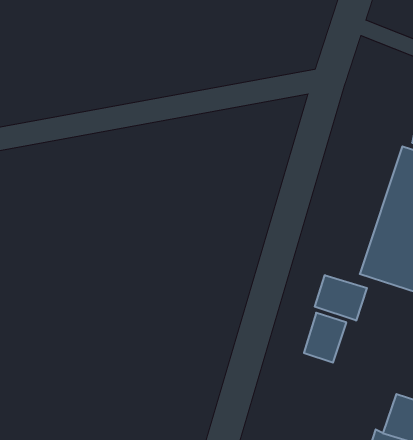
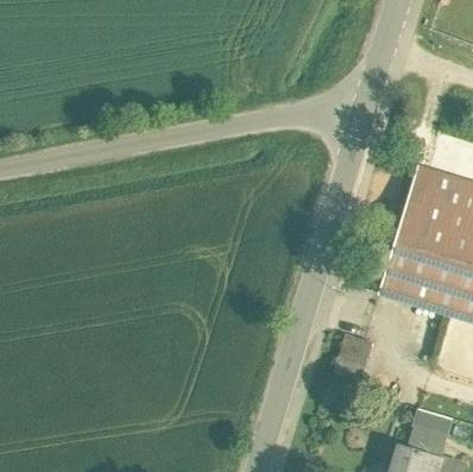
building: [315,275,367,321] -> none

